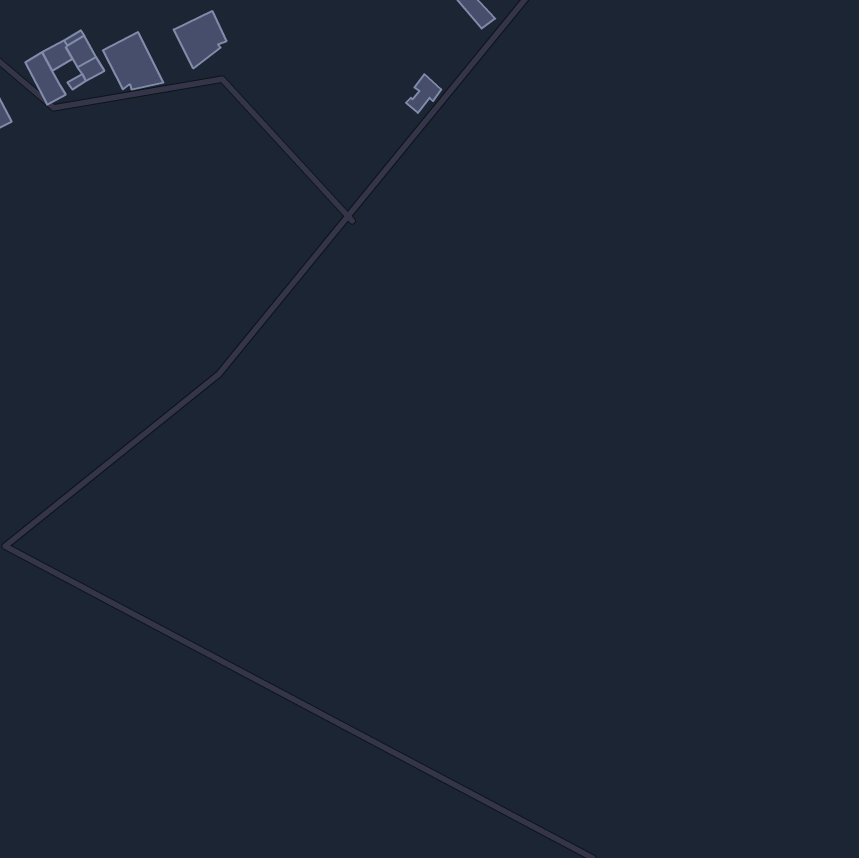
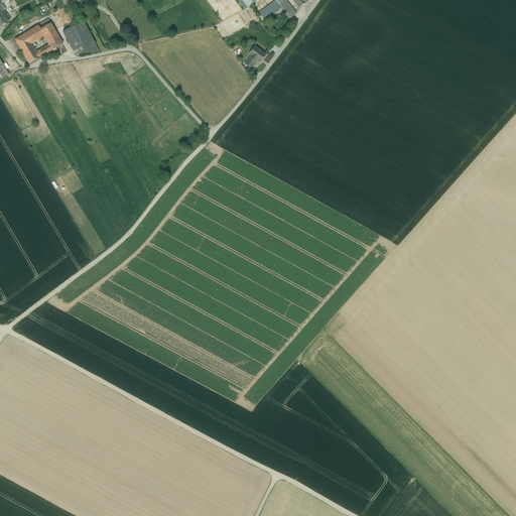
building: [174,11,226,68] -> none

